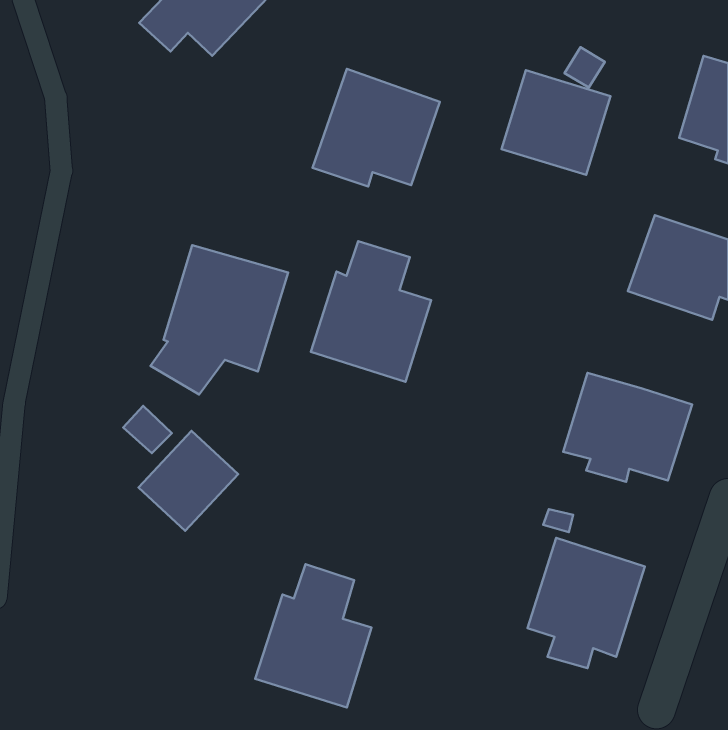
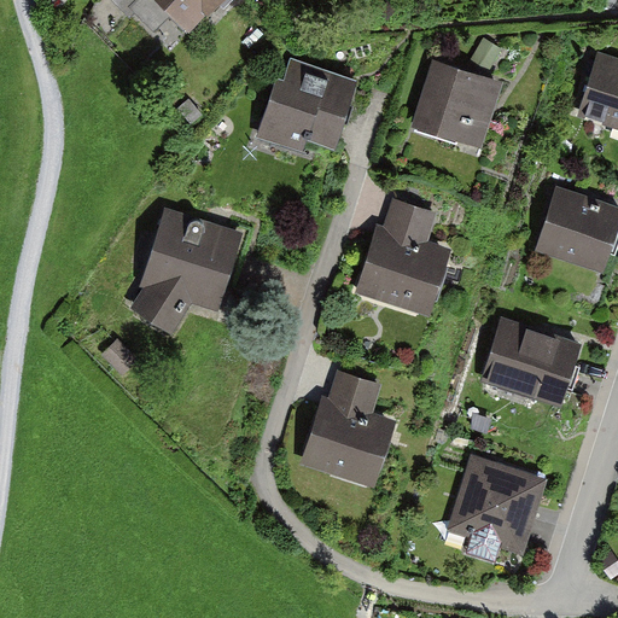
building: [311,241,431,382] -> [360,198,461,316]
building: [138,431,238,531] -> none
building: [255,564,371,708] -> [297,368,395,489]

